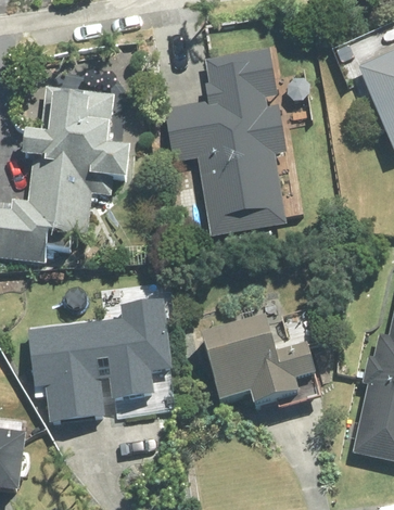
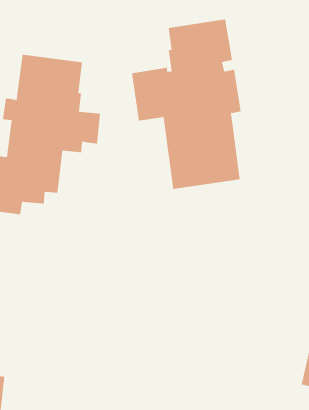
building: [30,298,171,423] -> none
building: [202,320,317,407] -> none

